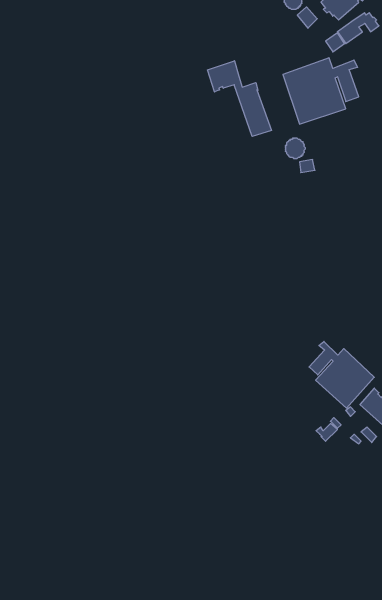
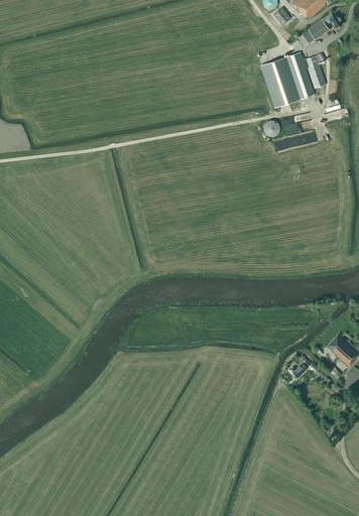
building: [208,61,272,136] -> none
building: [309,341,374,408] -> none

